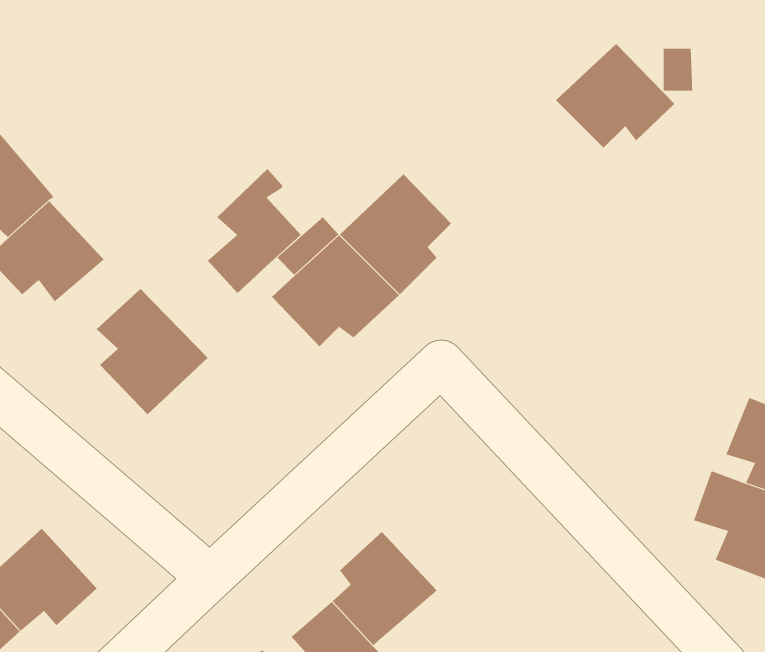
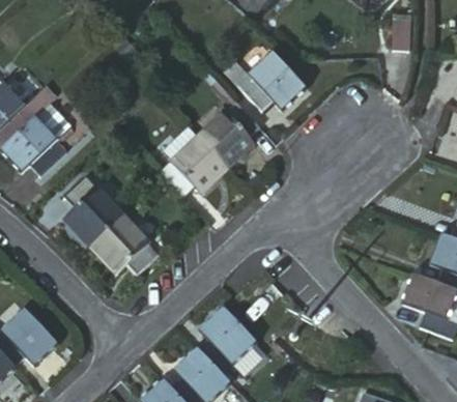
building: [555,43,675,149] -> [231,45,301,106]
building: [207,168,301,294] -> none
building: none -> [89,210,160,269]

